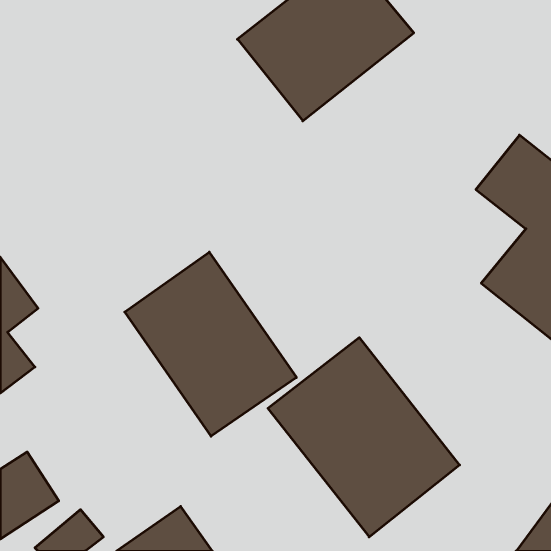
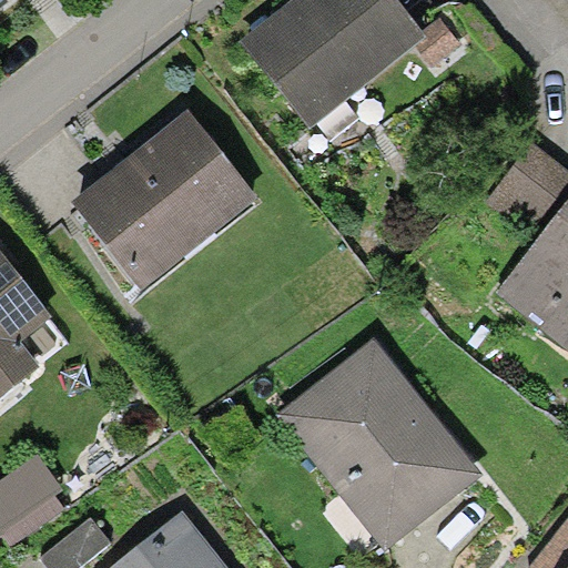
building: none -> [63,116,252,294]
building: [125,252,296,436] -> none

